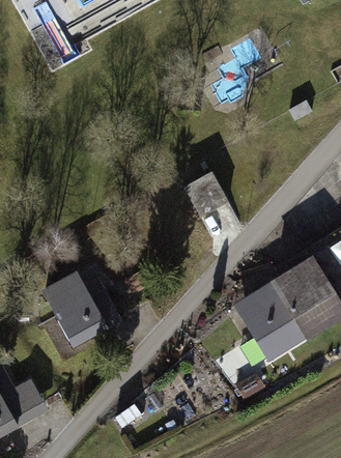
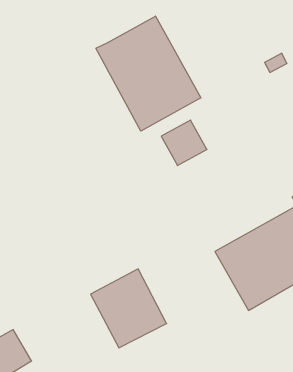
building: none -> [96,16,201,131]
building: [42,265,120,346] -> [91,269,167,348]

